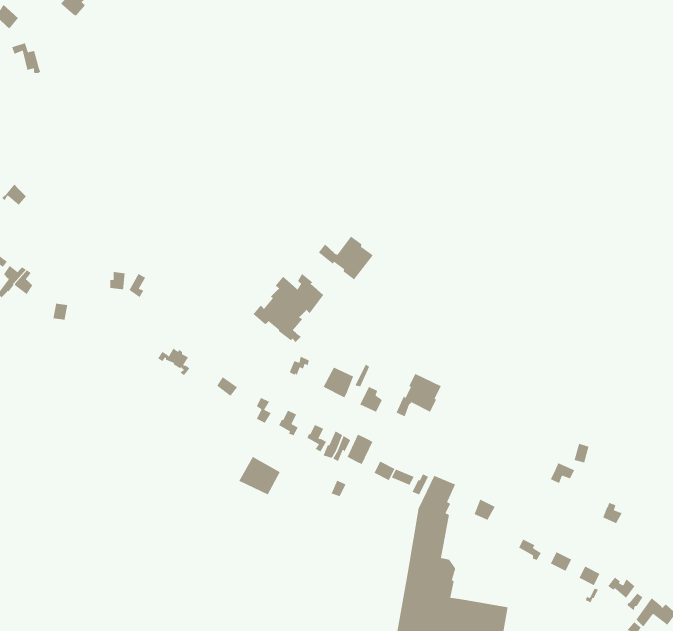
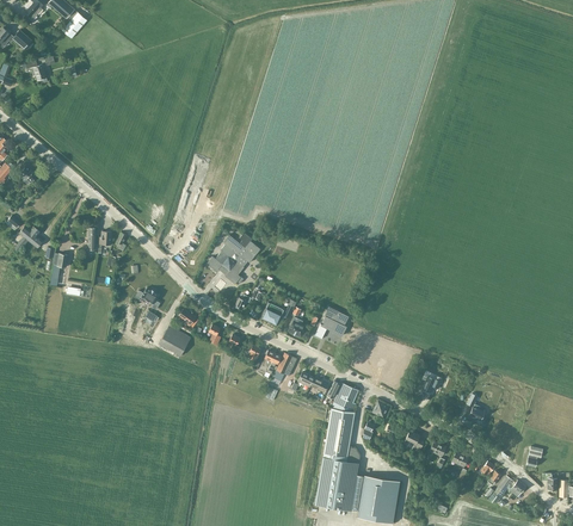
building: [318,236,374,280] -> none
building: [238,456,281,496] -> [158,324,190,354]

